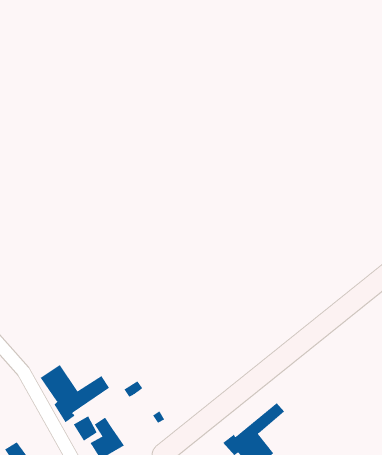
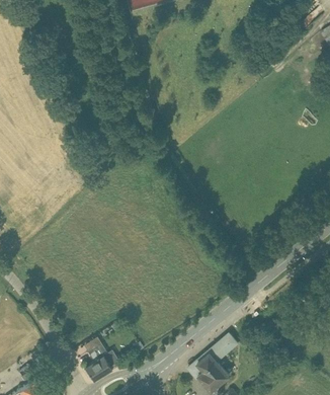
building: [40,364,110,423] -> none

